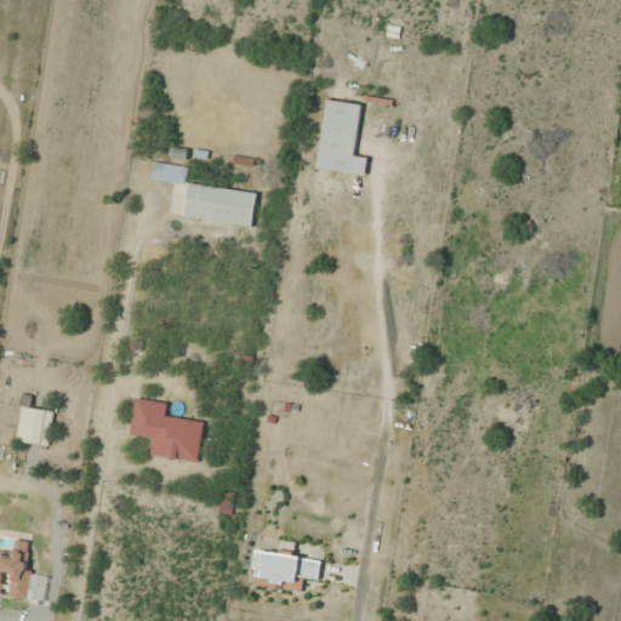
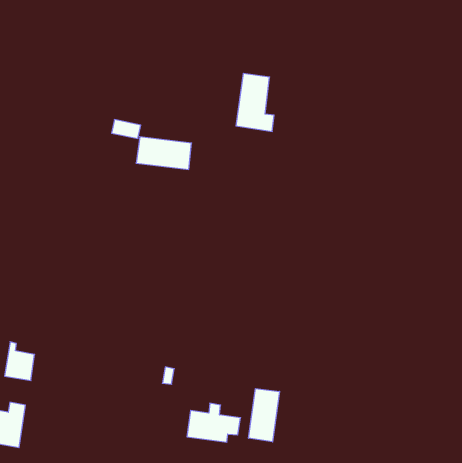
building: [13,394,53,446] -> [5,342,35,381]
building: [129,398,204,462] -> none
building: none -> [249,389,280,442]

